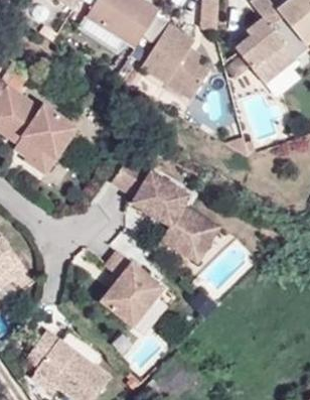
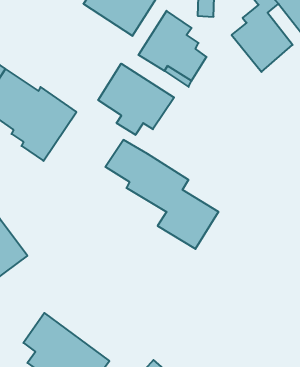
building: none -> [98,64,174,135]
building: [97,247,166,329] -> none

